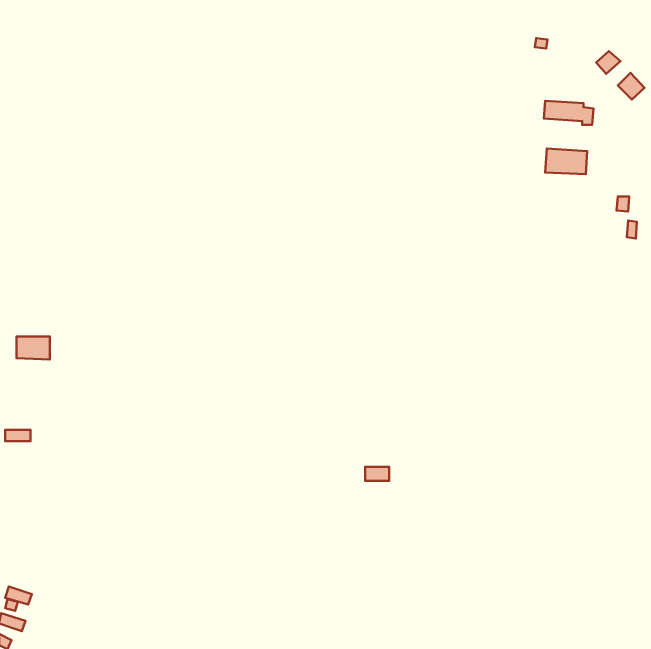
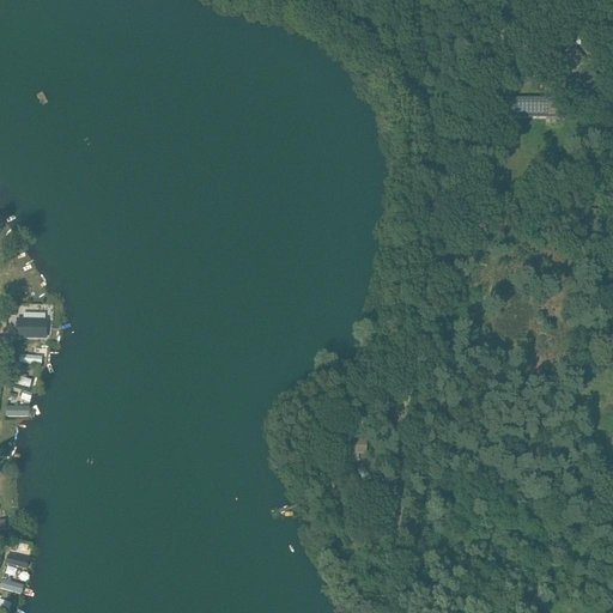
building: [545,148,587,174] -> none

